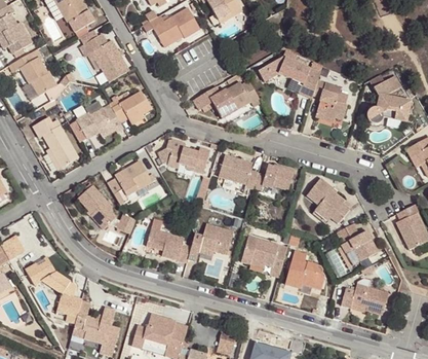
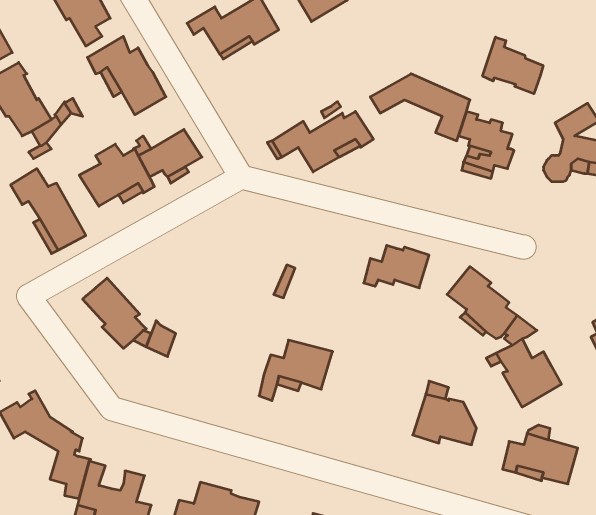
building: none -> [483,37,543,94]
building: [158,138,210,173] -> none
building: [219,153,258,188] -> none
building: [107,159,153,205] -> none
building: [146,227,191,262] -> none
building: [241,235,287,277] -> none

